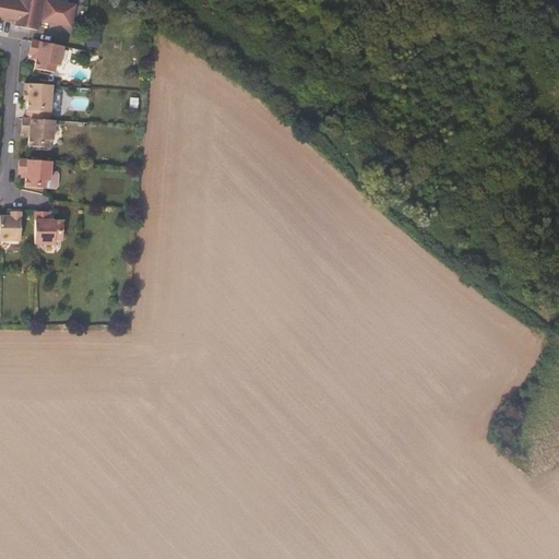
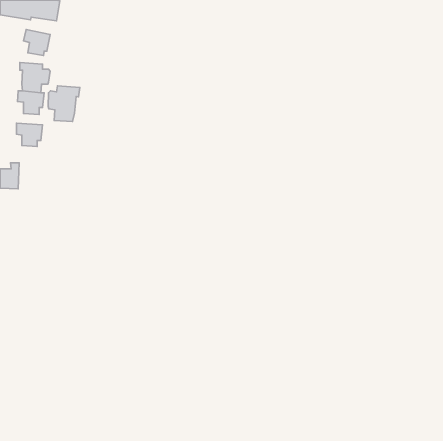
building: none -> [48,86,80,122]
building: [34,211,64,243] -> none

